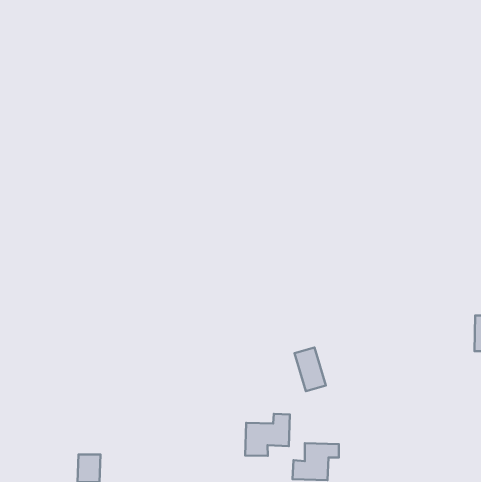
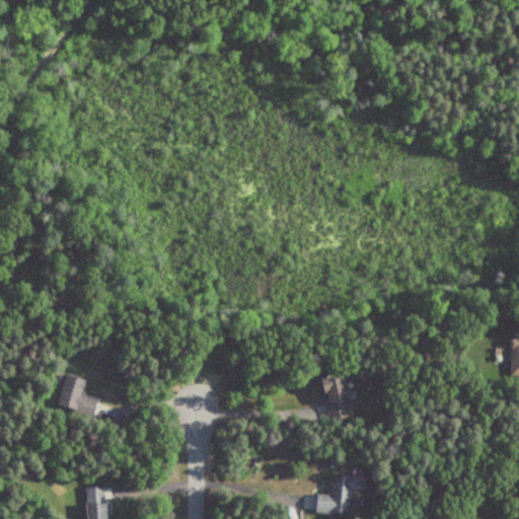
building: none -> [58,375,98,416]
building: [245,414,290,456] -> none

